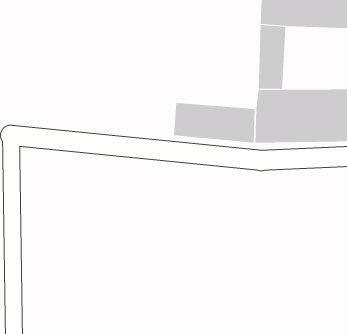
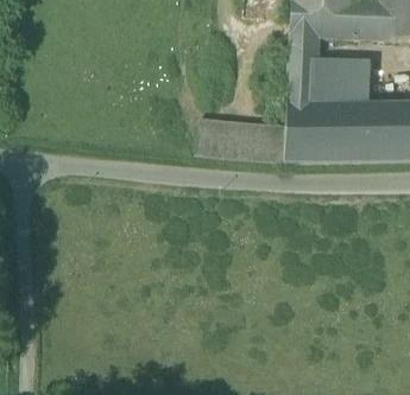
building: none -> [315,59,367,103]

